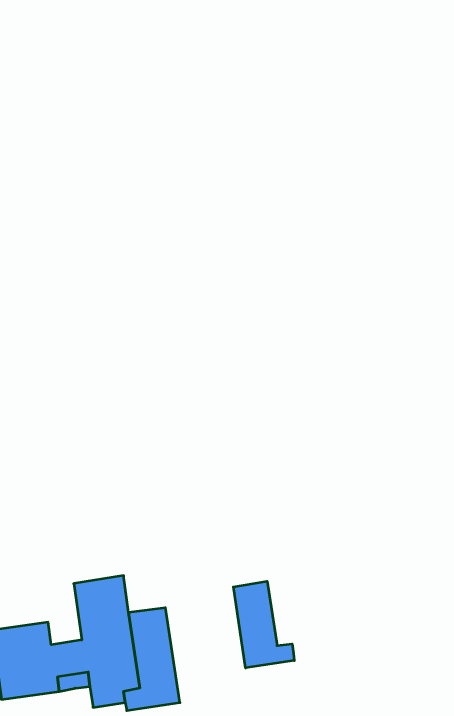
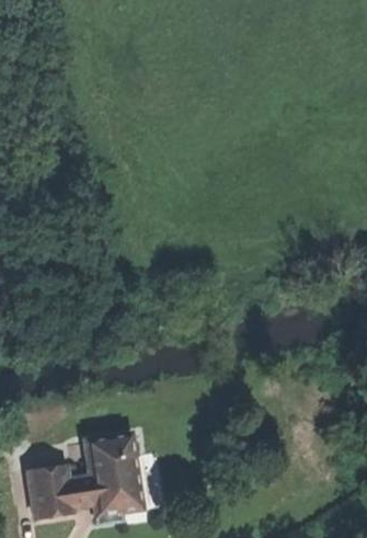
building: [233,581,294,668] -> none

